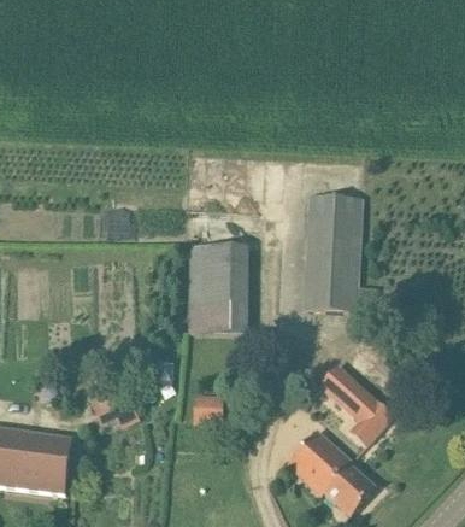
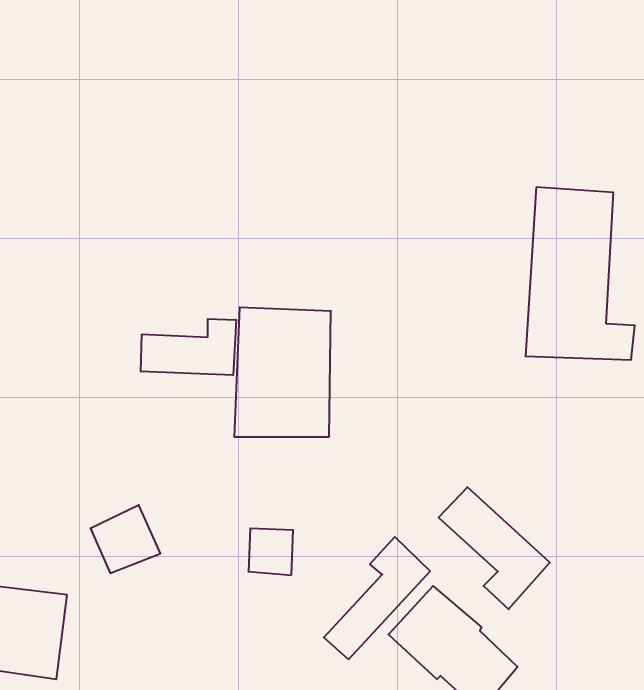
building: [302,194,376,310] -> [525,187,635,360]
building: none -> [141,319,236,375]
building: none -> [324,537,430,659]

